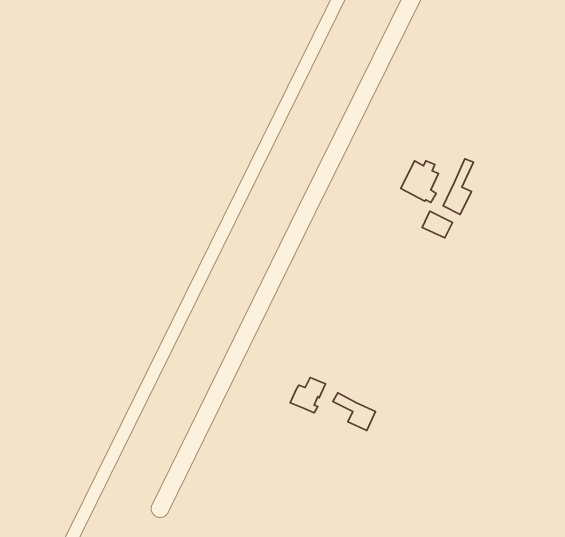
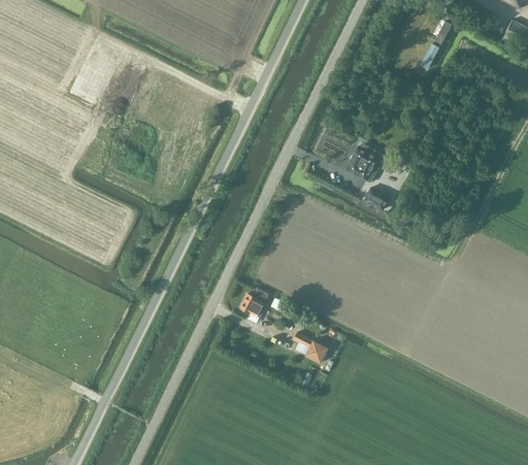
building: [443,159,474,215] -> none
building: [290,378,325,413] -> [242,288,271,317]

